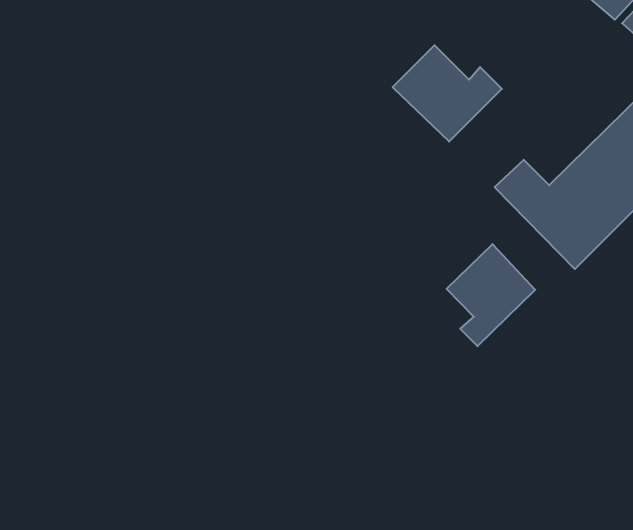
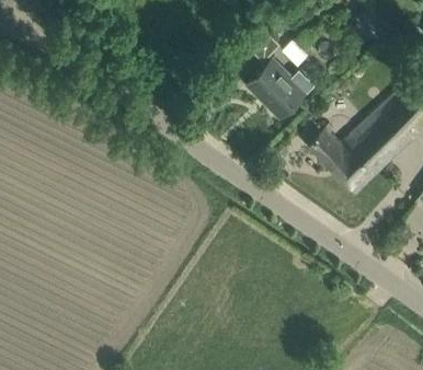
building: [447,244,535,346] -> none

